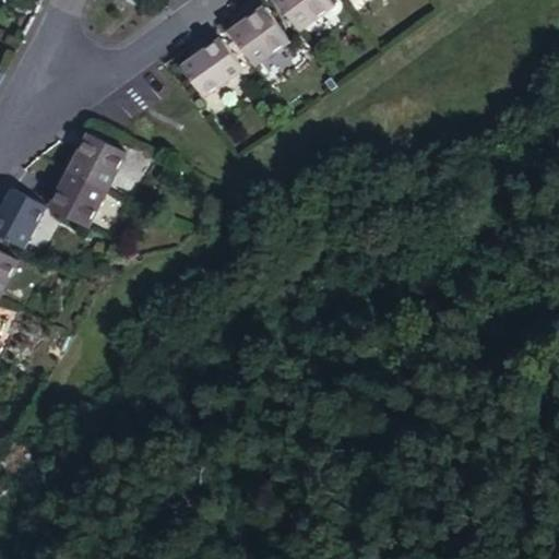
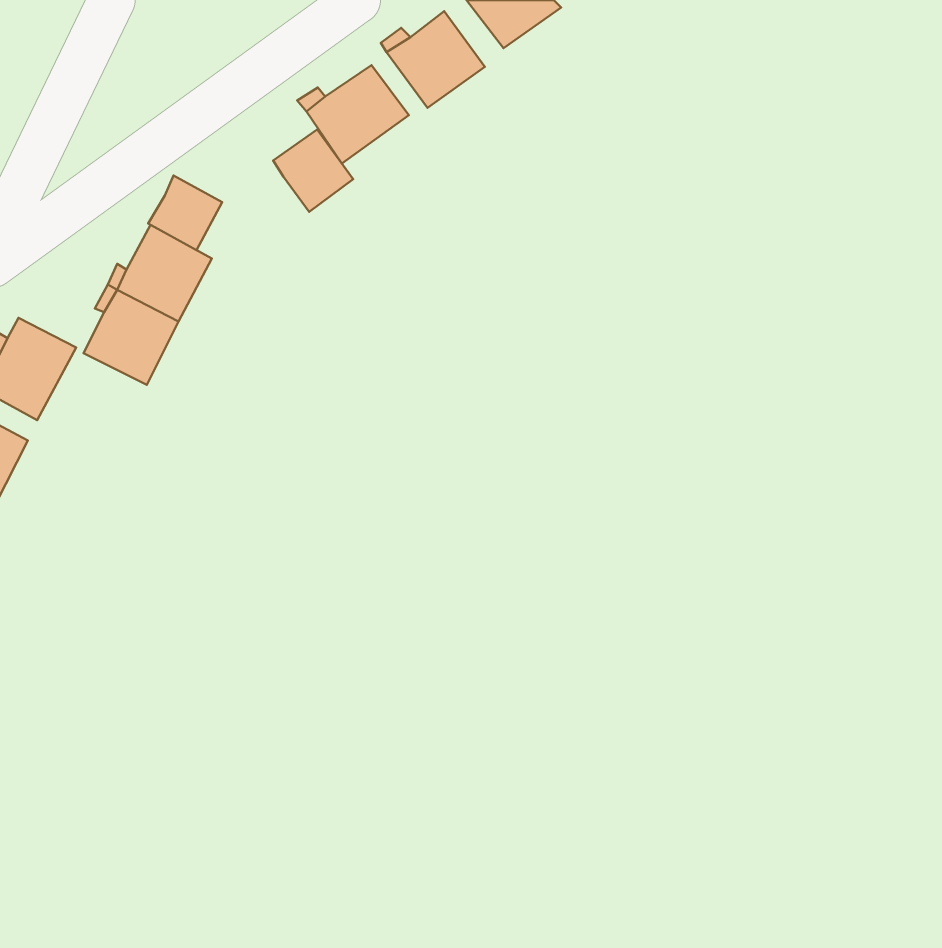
building: none -> [273,130,353,212]
building: none -> [148,175,222,250]

